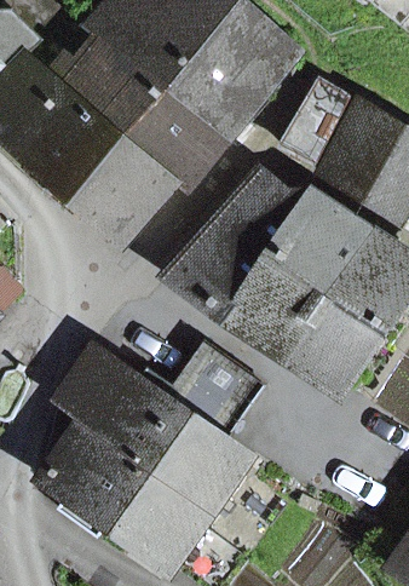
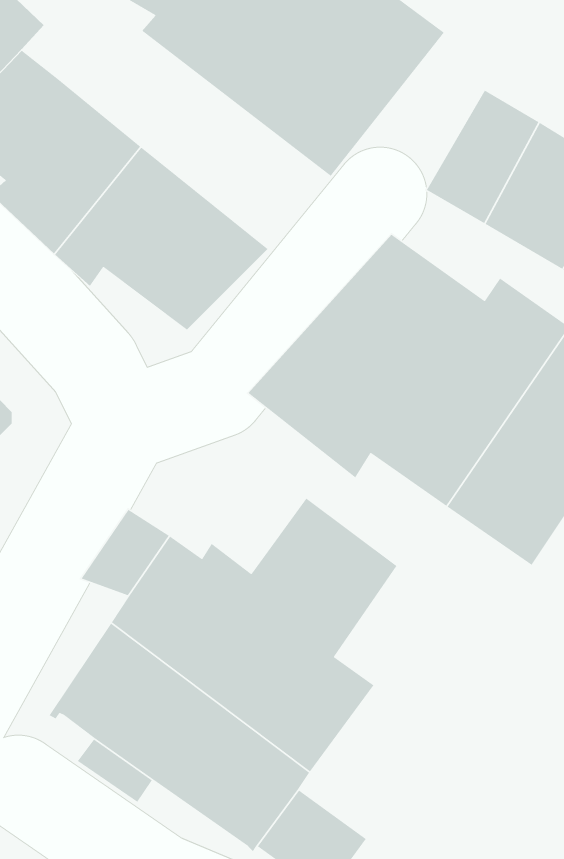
building: [47,44,221,183] -> none

